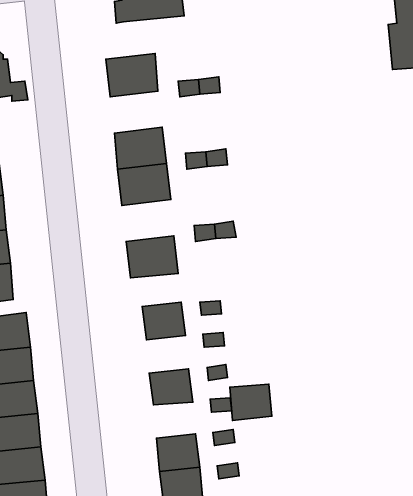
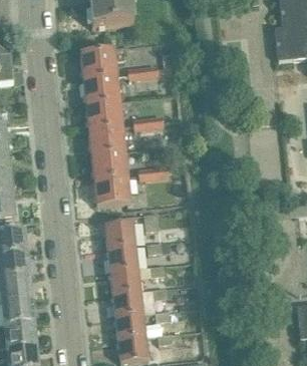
building: none -> [82,75,118,104]
building: none -> [90,150,126,179]
building: none -> [107,245,136,271]
building: [230,384,272,420] -> [112,291,141,316]

